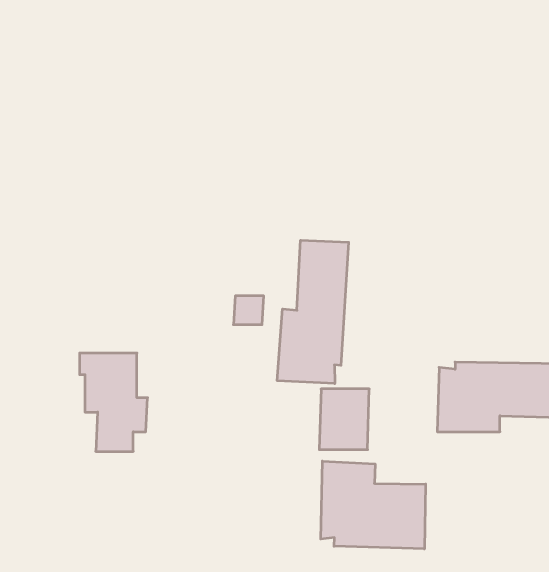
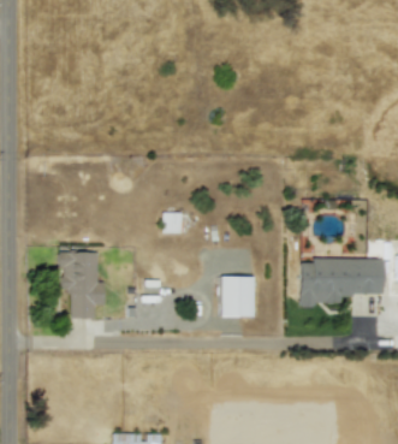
building: [277,240,349,384] -> none
building: [321,461,426,549] -> none

